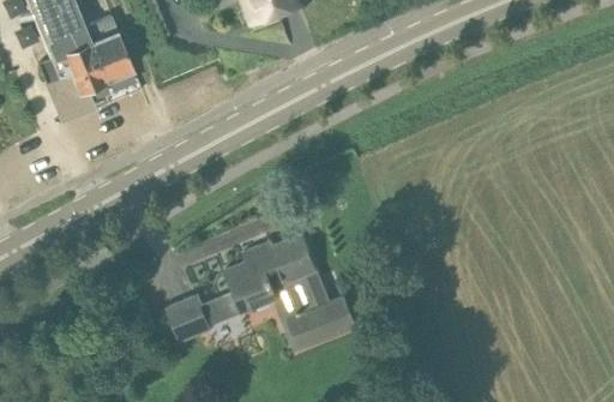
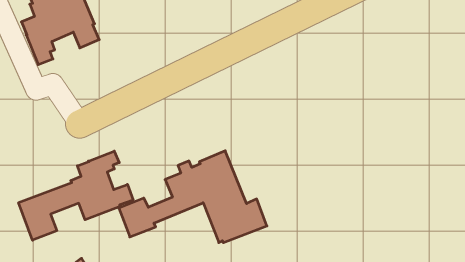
building: none -> [19,151,133,240]

